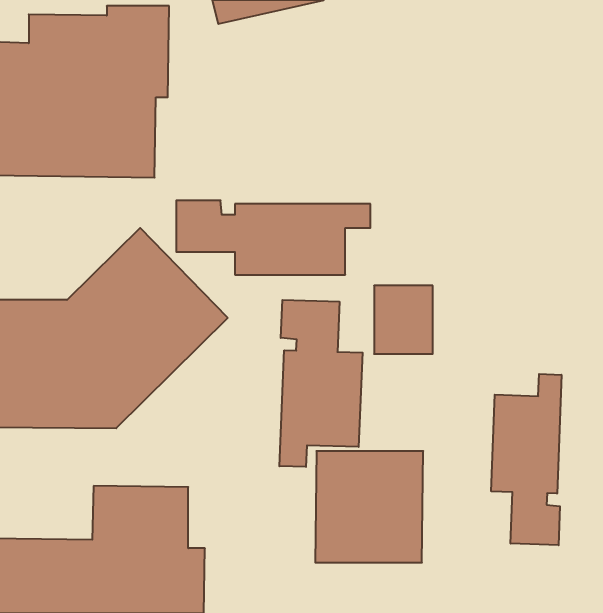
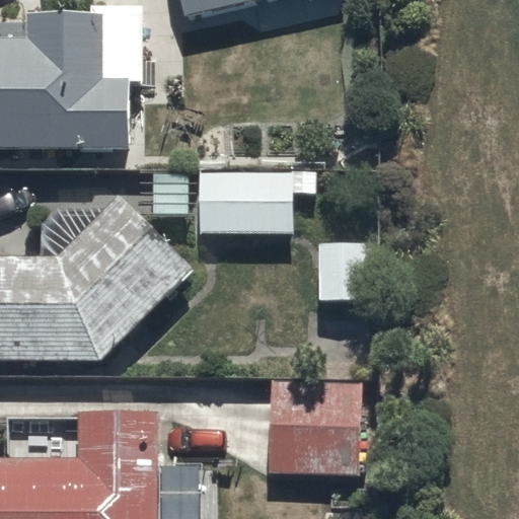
building: [279,300,363,467] -> none
building: [491,374,561,545] -> none

